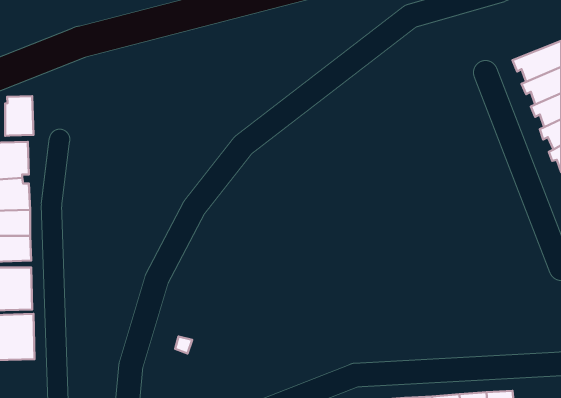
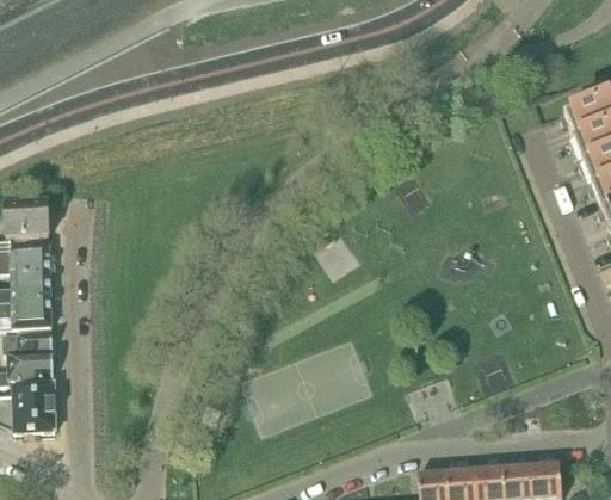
building: [5,96,34,136] -> none

